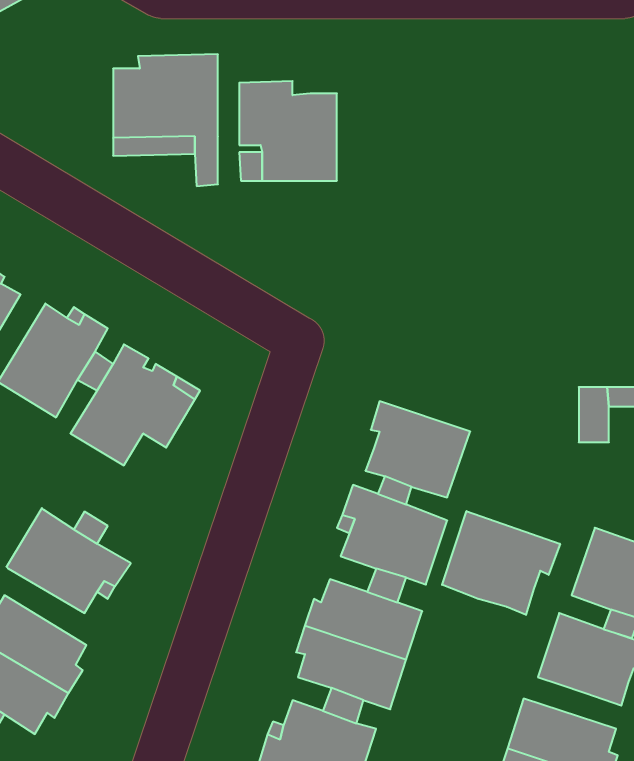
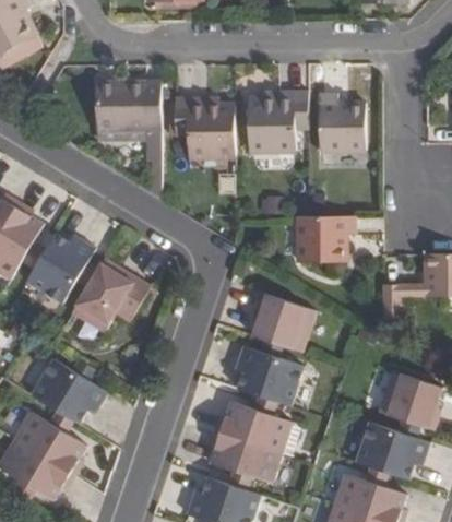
building: none -> [247,91,308,152]
building: none -> [318,92,365,151]
building: none -> [296,216,354,262]
building: [442,511,560,615] -> none

